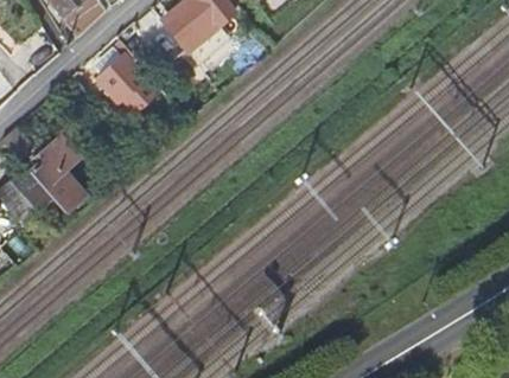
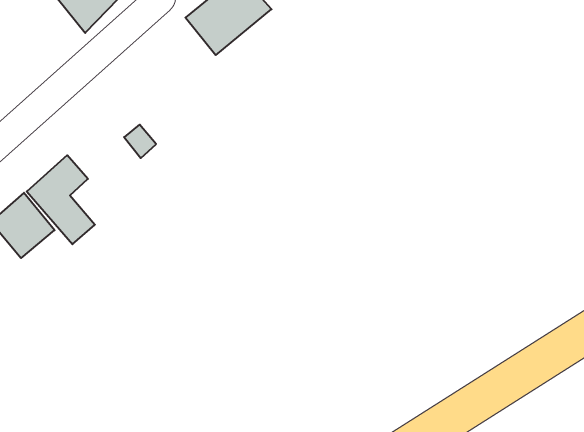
building: [94,47,159,113] -> none

